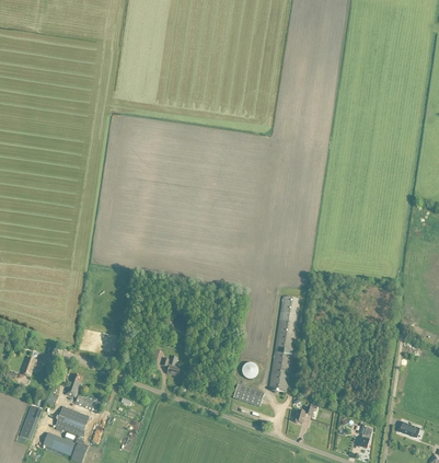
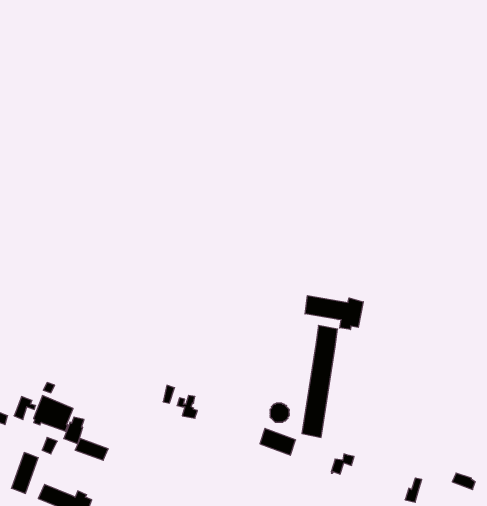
building: none -> [305,296,363,330]
building: [55,406,89,437] -> [34,396,73,431]

